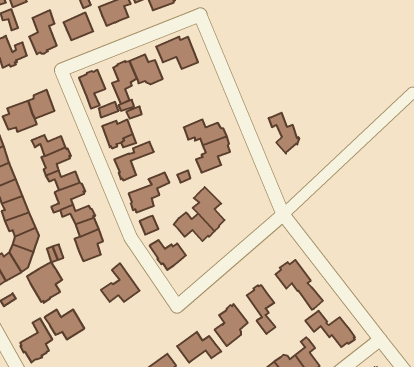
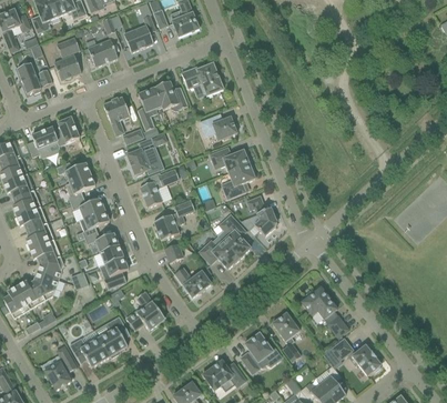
building: none -> [199,112,236,140]
building: [268,113,299,154] -> [246,194,277,235]
building: [27,262,62,303] -> [94,315,130,356]

